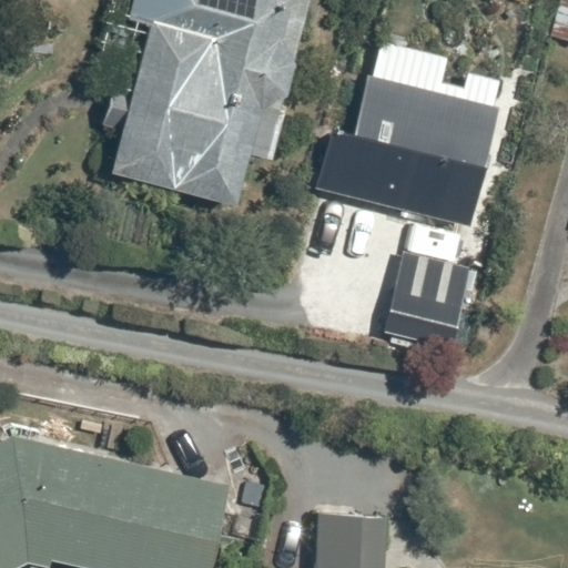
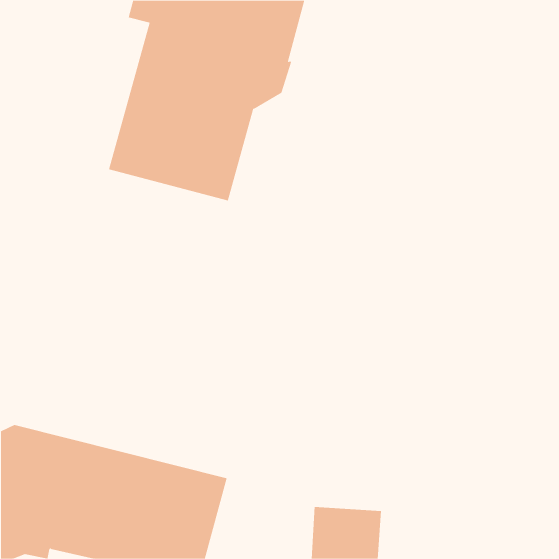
building: [316,74,500,226] -> none
building: [385,252,470,348] -> none

